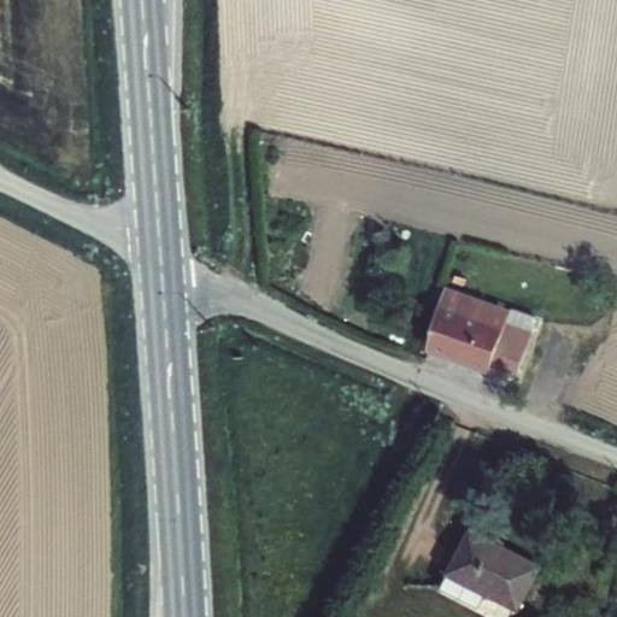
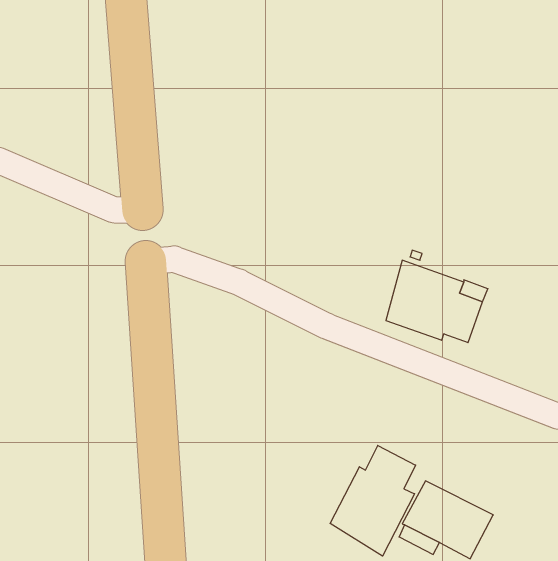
building: none -> [330,445,416,556]

